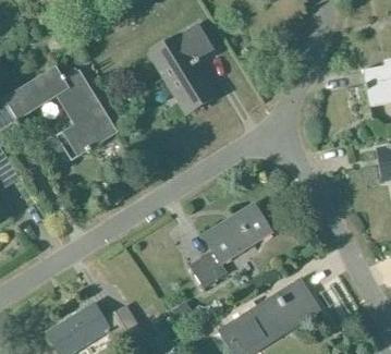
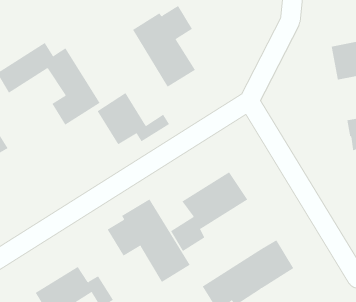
building: none -> [97,92,170,145]
building: none -> [107,199,190,283]

